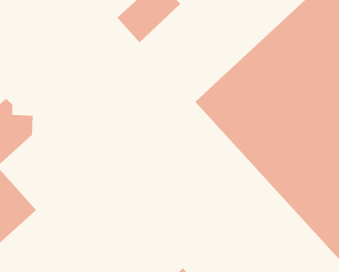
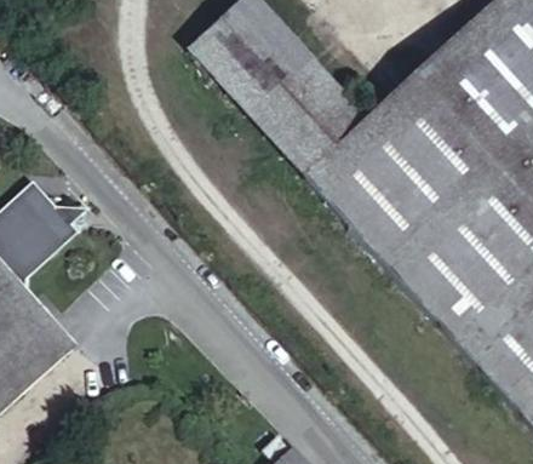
building: none -> [224,30,368,176]

